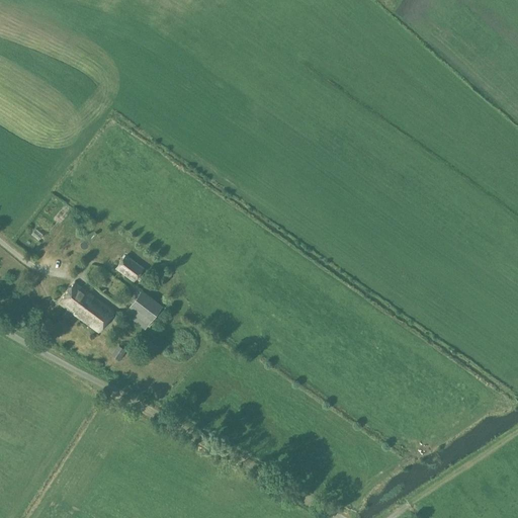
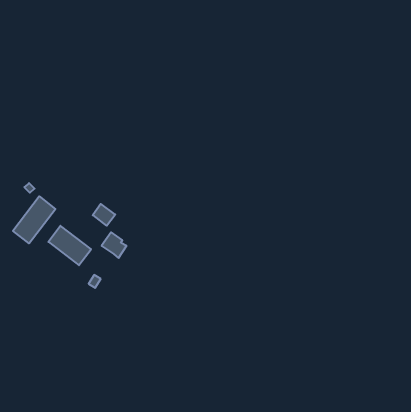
building: none -> [13,196,55,243]

